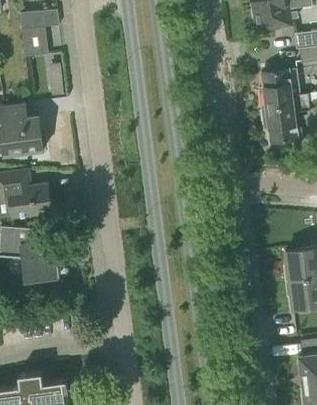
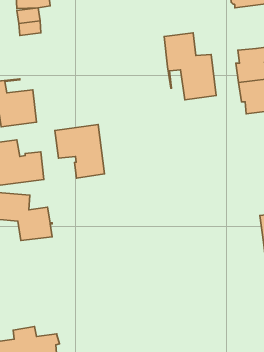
building: none -> [164,33,216,100]
building: none -> [55,125,105,178]

